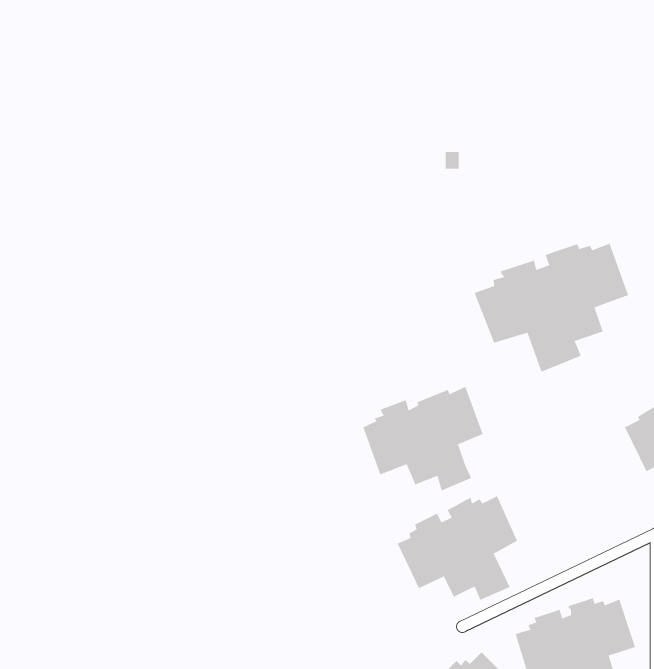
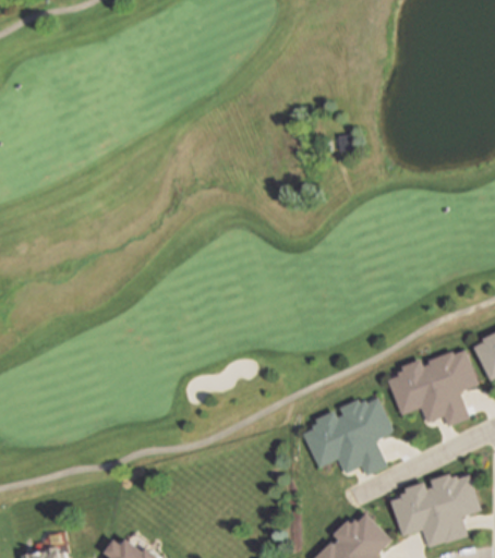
building: [474,243,629,372] -> none
building: [362,386,483,491] -> [387,348,478,426]

